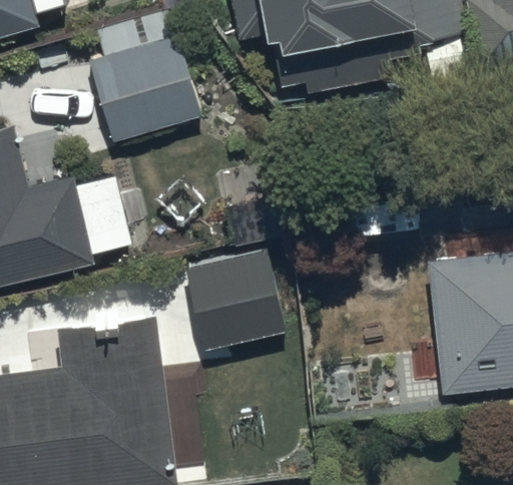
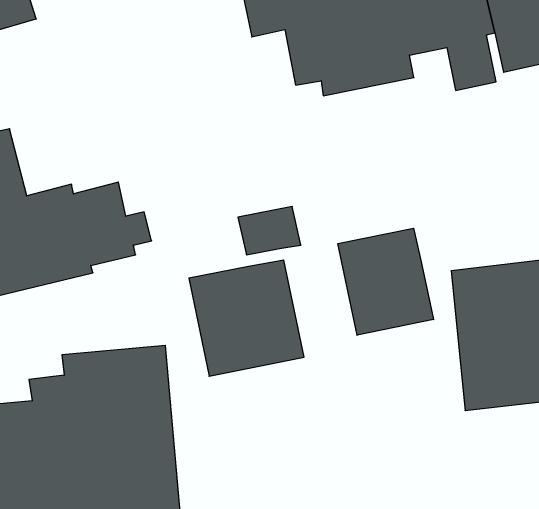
building: [88,13,199,139] -> none
building: none -> [338,228,434,335]

